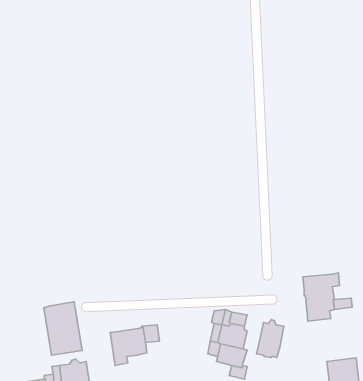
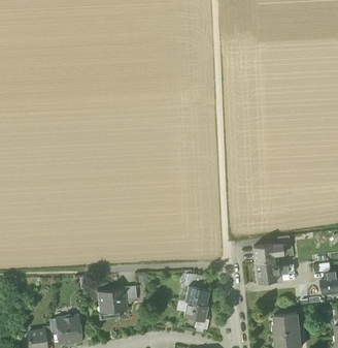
building: [44,302,82,355] -> none
building: [257,320,284,358] -> none

